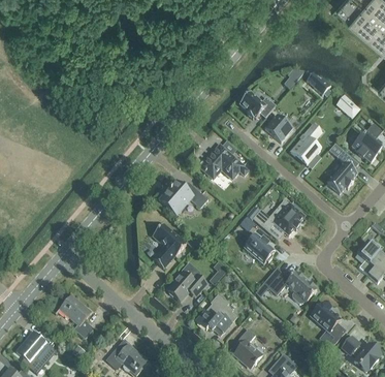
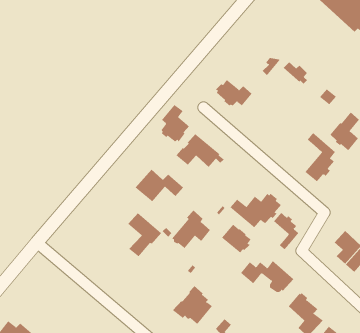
building: [264,113,293,142] -> none
building: none -> [161,104,190,143]
building: [290,126,320,161] -> none
building: none -> [273,212,299,250]
building: [167,260,206,300] -> [171,209,211,249]
building: [59,293,94,337] -> none

